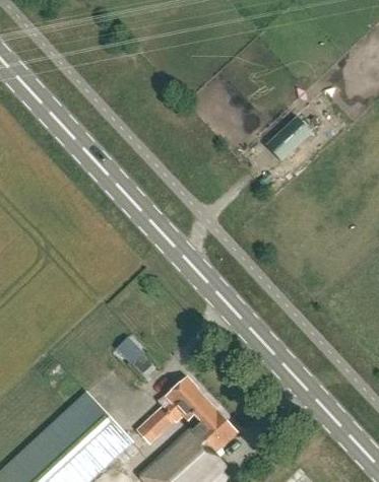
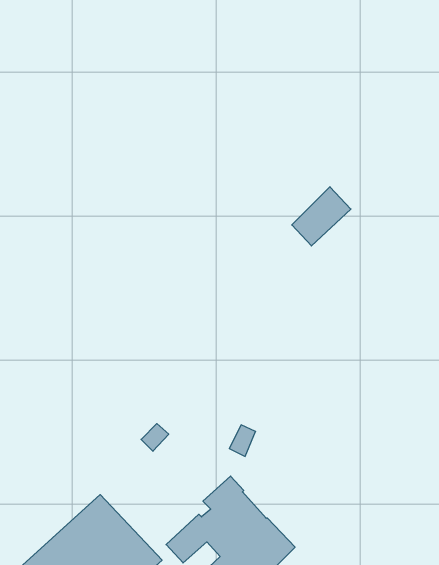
building: [266,116,312,161] -> [292,187,351,246]

